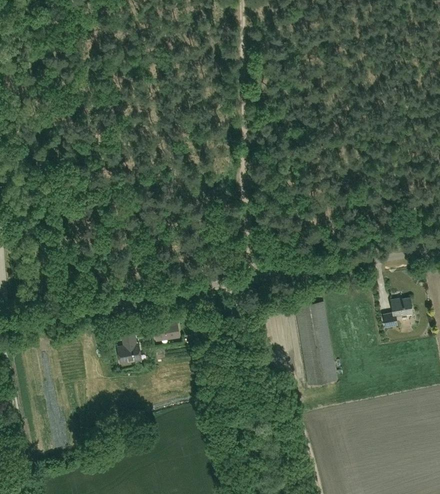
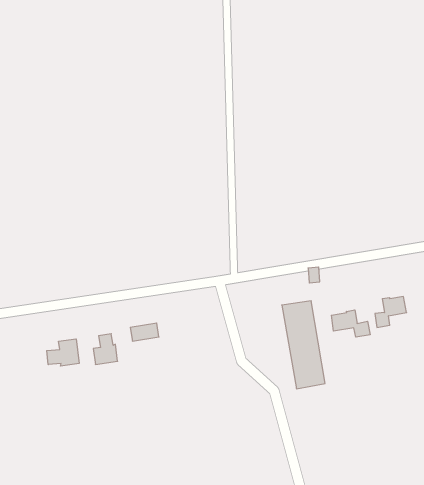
building: none -> [331,310,370,337]
building: none -> [47,339,79,366]

